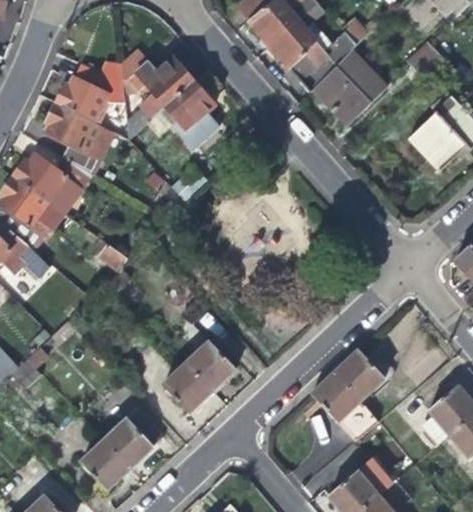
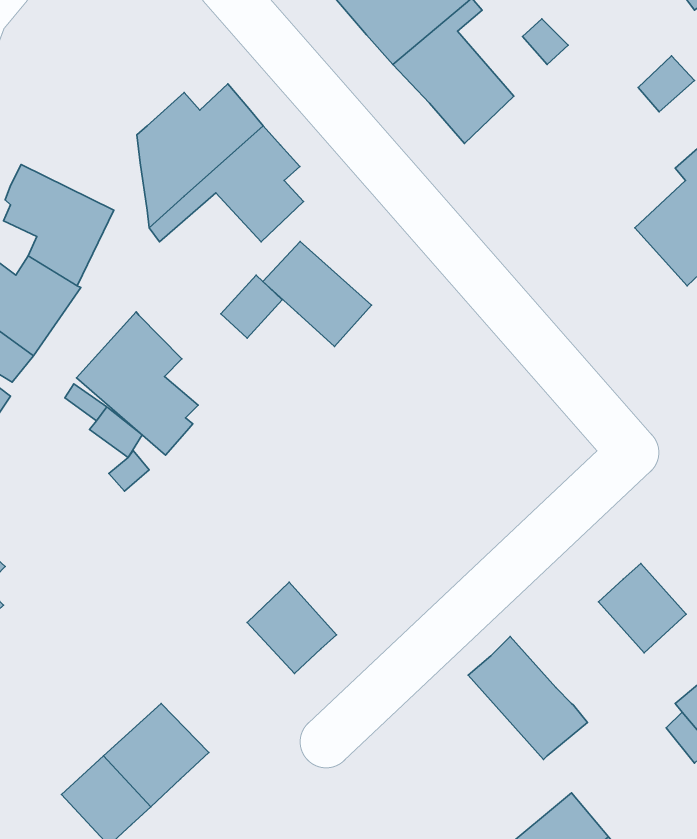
building: [310,51,383,118] -> none
building: [57,64,130,138] -> none
building: none -> [263,242,372,347]
building: none -> [76,312,198,455]
building: [336,349,386,400] -> [599,563,686,653]
building: [162,363,213,414] -> none

